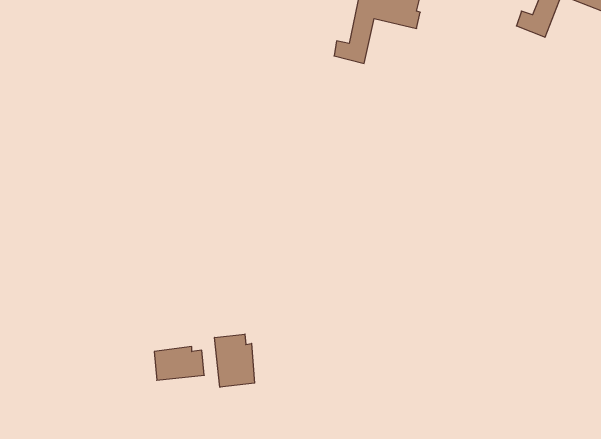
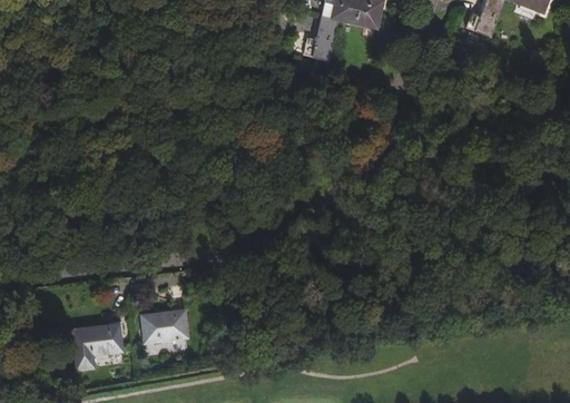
building: [215,334,255,387] -> none
building: none -> [75,326,124,370]

